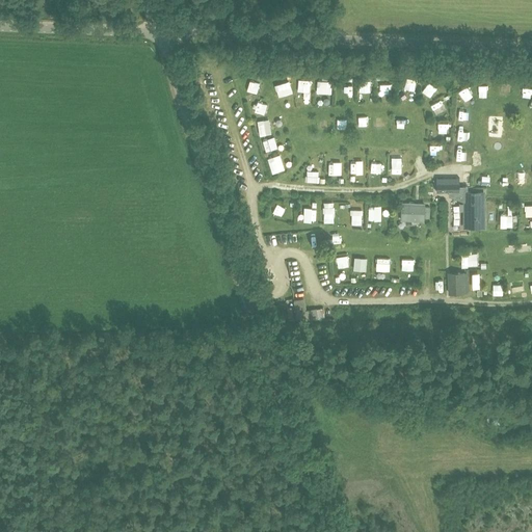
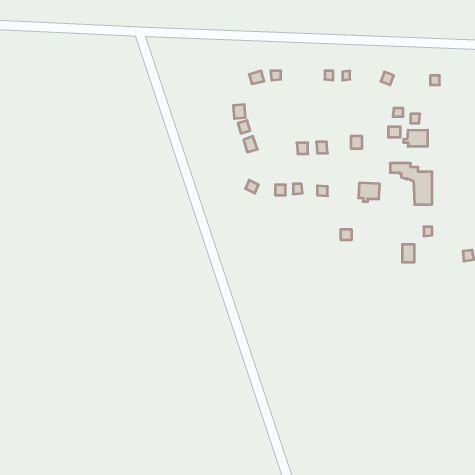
building: none -> [404,130,428,147]

